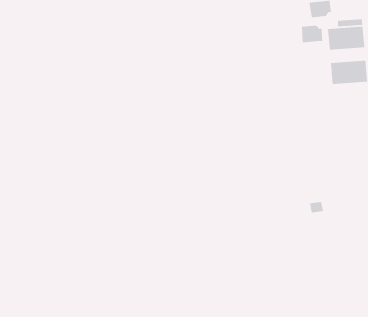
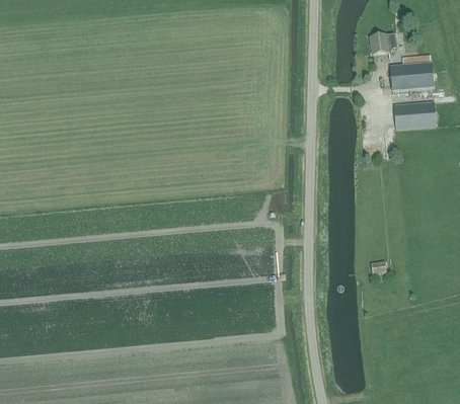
building: [302,25,323,43] -> none

